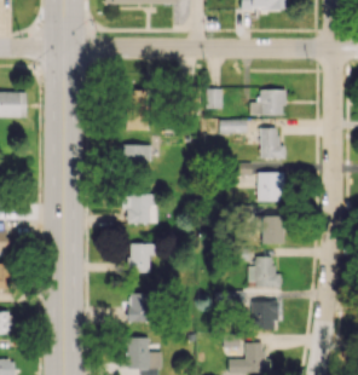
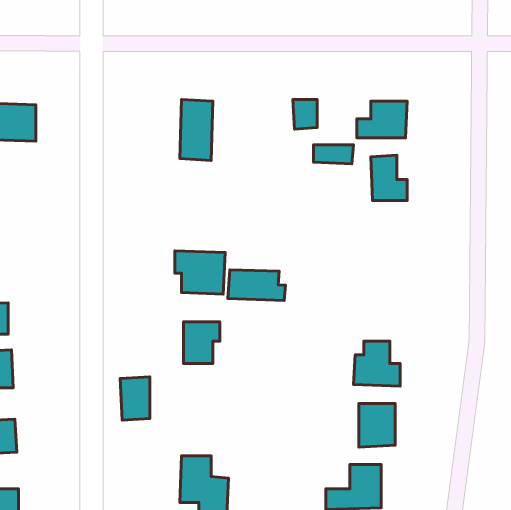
building: [121,144,151,165] -> none
building: [258,172,284,201] -> none
building: none -> [228,270,285,300]
building: [262,215,284,243] -> none
building: [128,292,149,322] -> [120,377,150,420]

